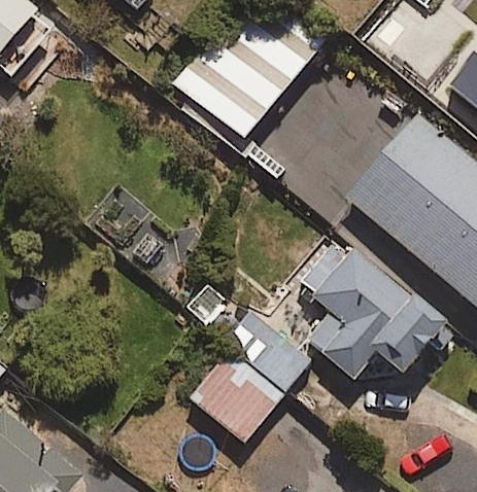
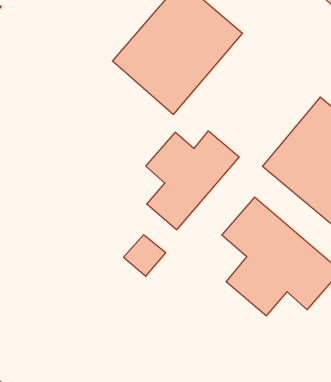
building: none -> [146,131,239,230]
building: [192,310,312,442] -> none

